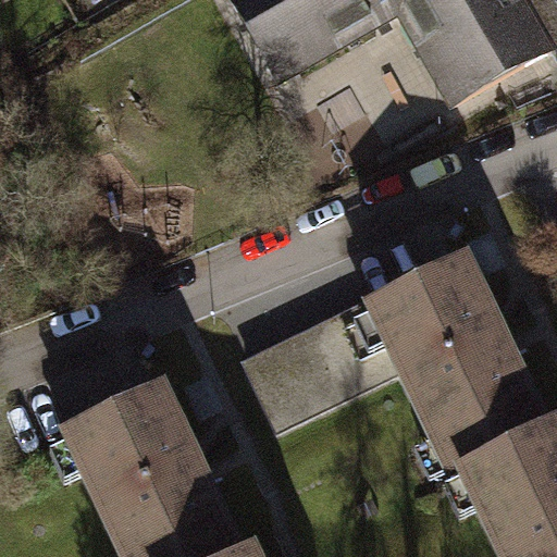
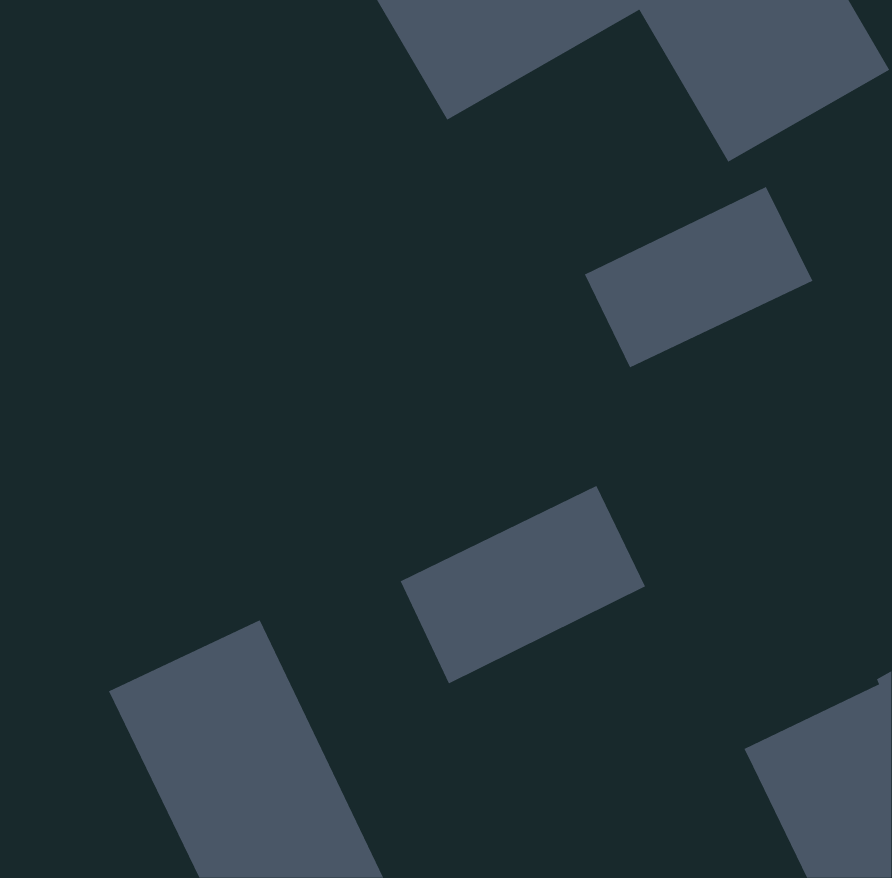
building: none -> [584,186,813,368]
building: [372,257,547,475] -> none

